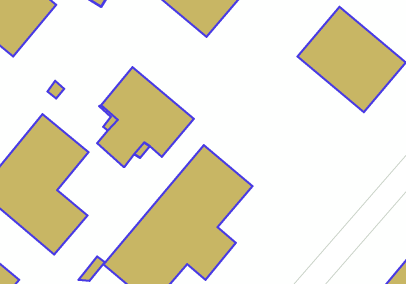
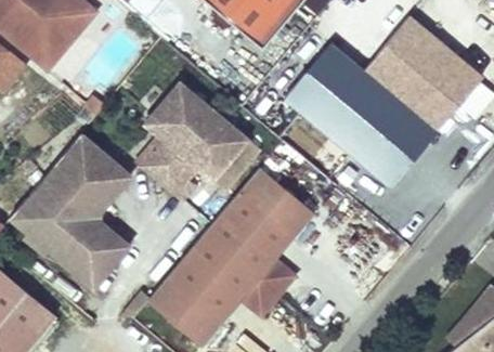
building: none -> [284,43,437,187]

